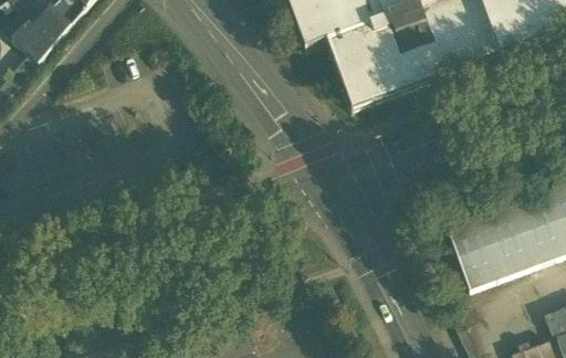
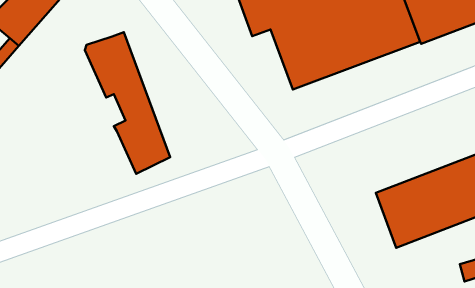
building: none -> [85,32,170,174]

